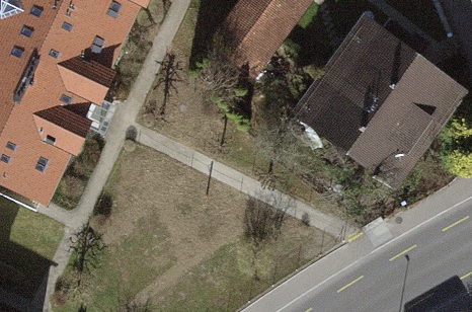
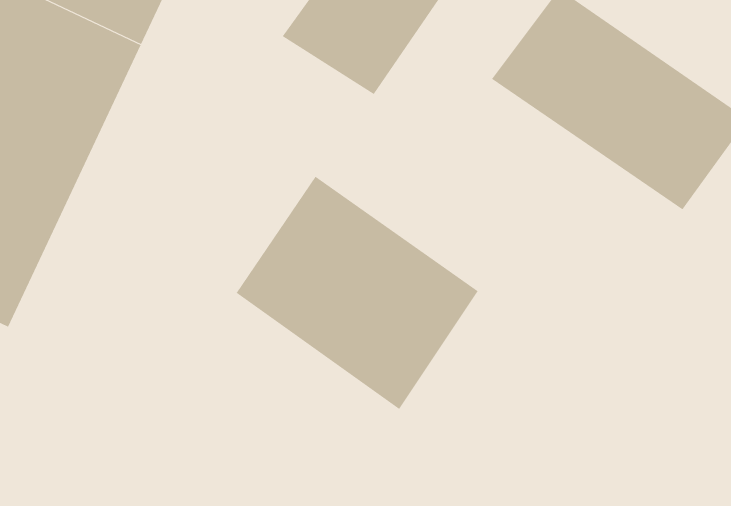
building: [288,67,430,197] -> none
building: none -> [236,176,479,410]

